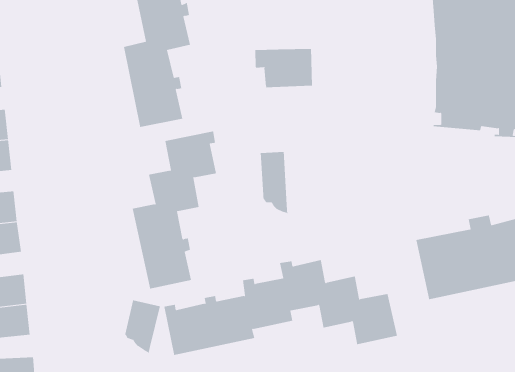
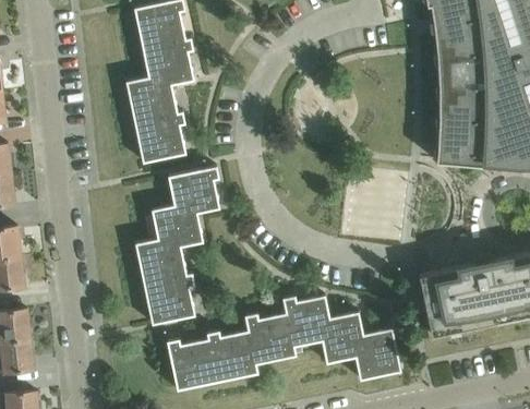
building: [255,48,312,88] -> none
building: [260,151,288,215] -> none
building: [124,299,160,354] -> none

